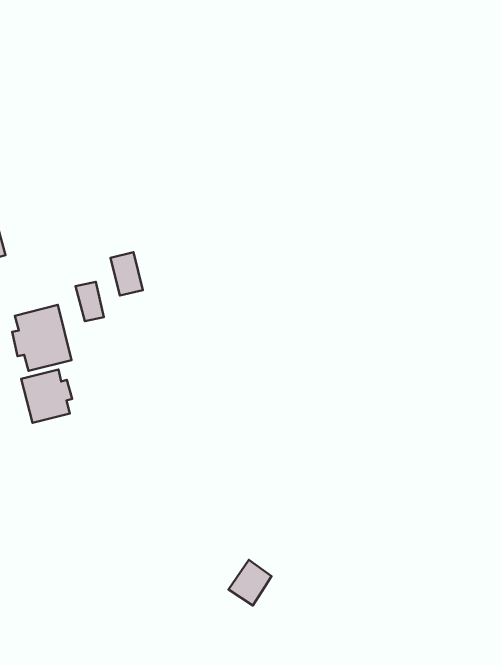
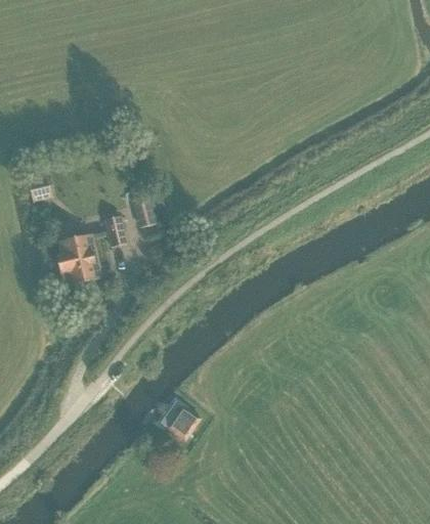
building: [21,370,72,423] -> none
building: [229,560,272,606] -> [166,404,199,439]

